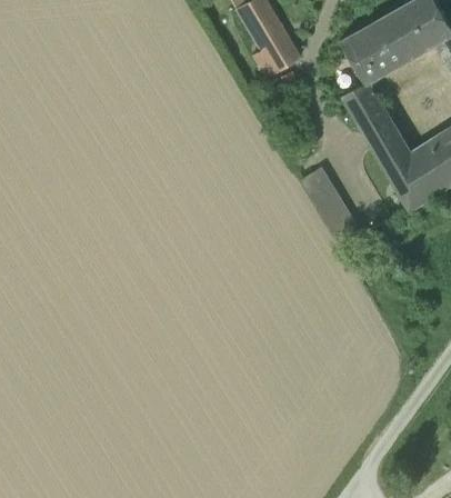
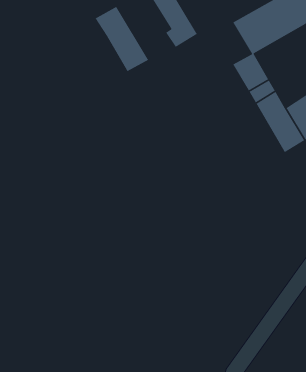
building: none -> [95,6,149,72]
building: [301,168,360,247] -> none

